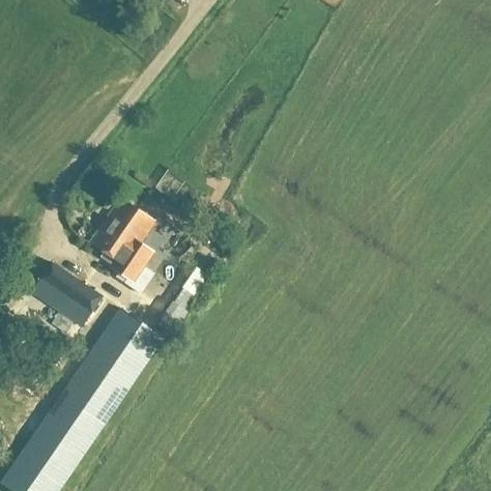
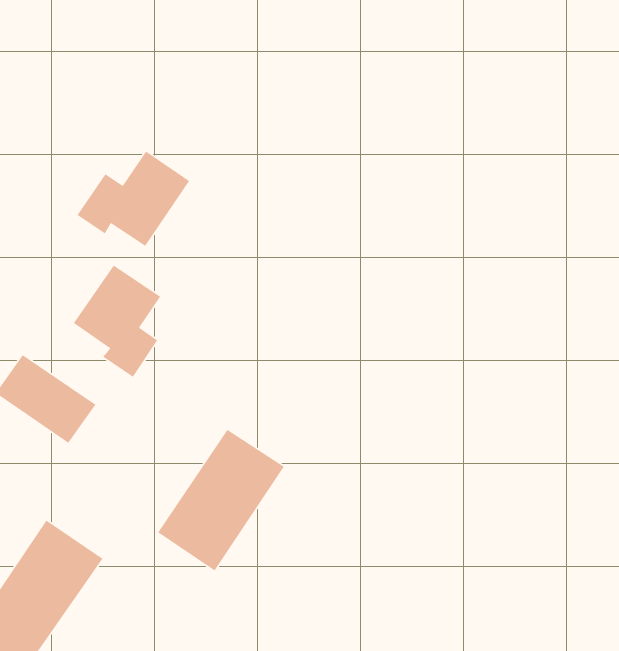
building: none -> [76,150,190,247]
building: [67,311,162,416] -> [157,429,285,572]

